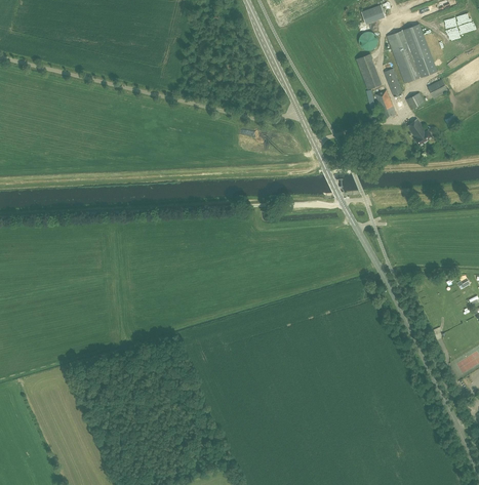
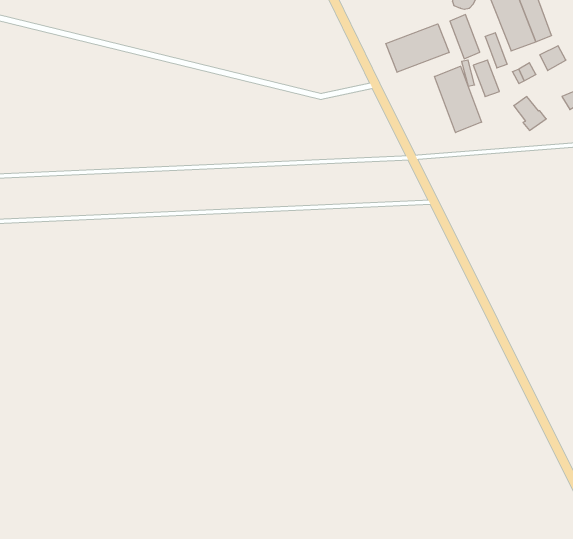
building: none -> [386,24,449,72]
building: none -> [435,66,482,133]

